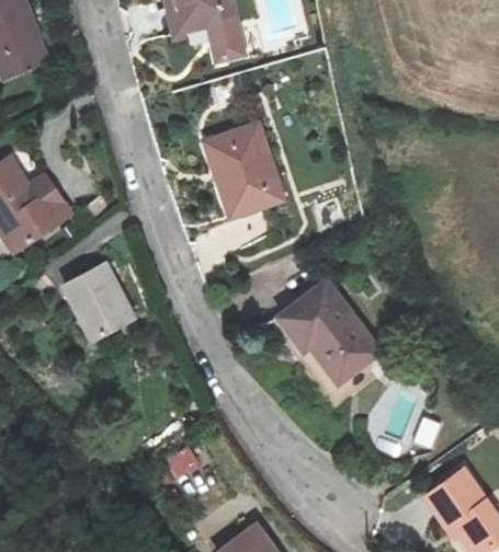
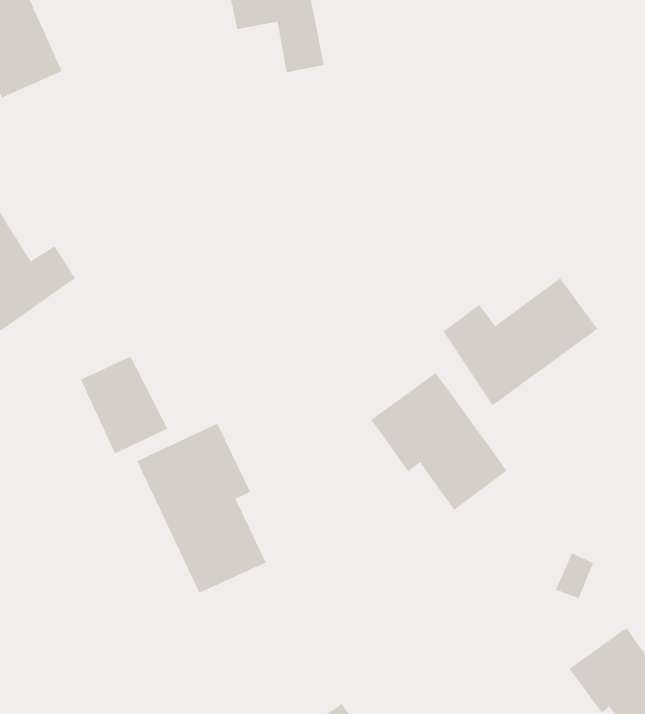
building: [204,122,283,212] -> none
building: none -> [443,277,598,406]
building: none -> [137,423,266,593]

